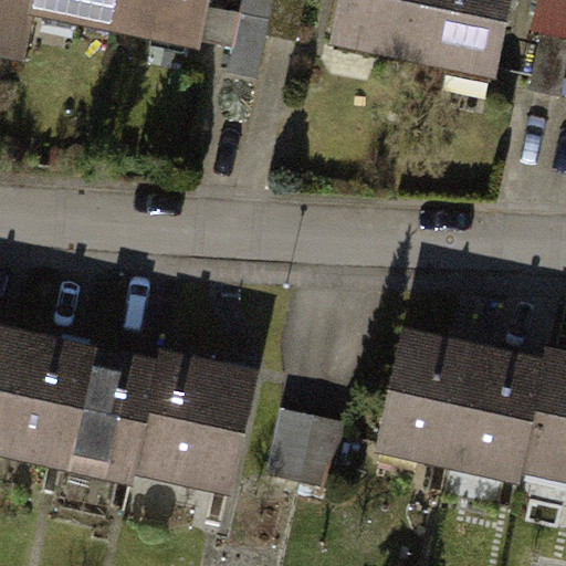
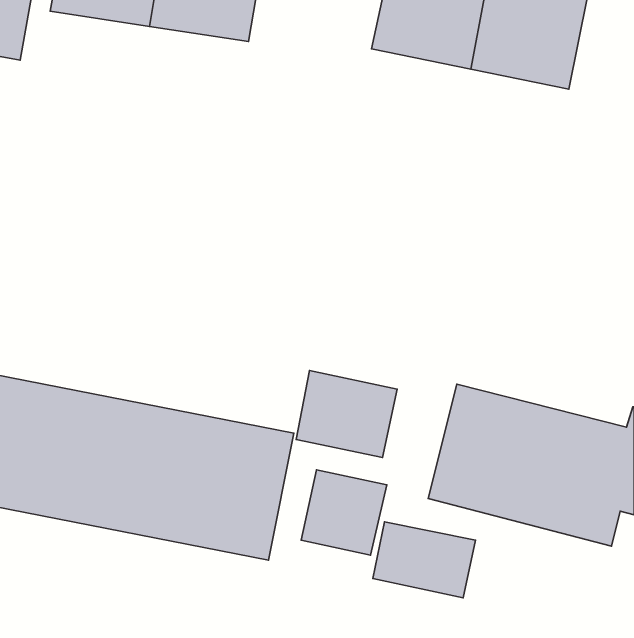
building: none -> [296,370,397,458]
building: none -> [373,522,476,598]

